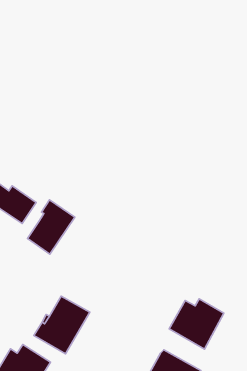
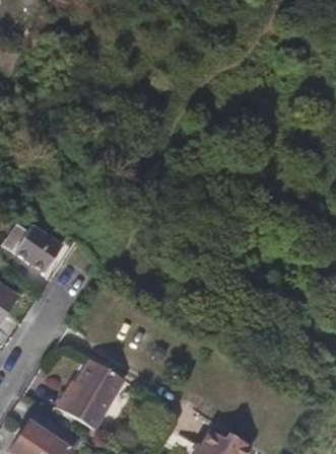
building: [27,200,75,254] -> none
building: [169,299,224,349] -> none

